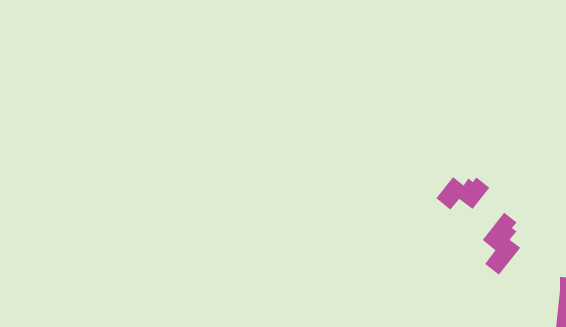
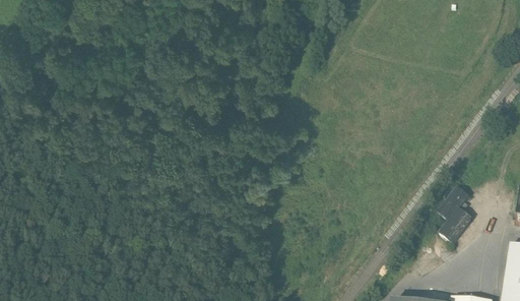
building: [436,176,490,211] -> none

